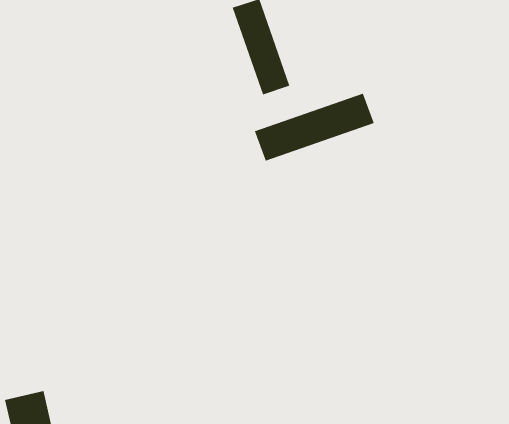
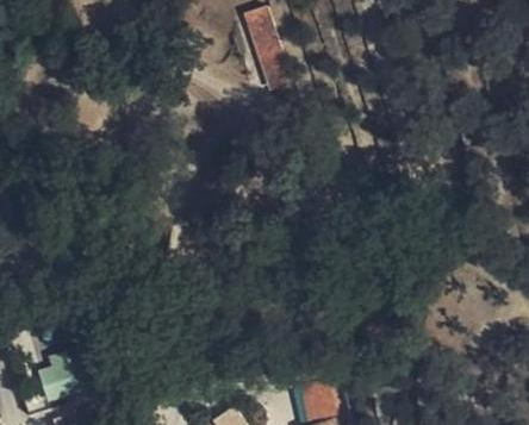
building: [254,93,374,162] -> none

